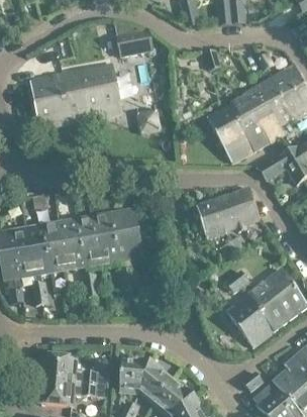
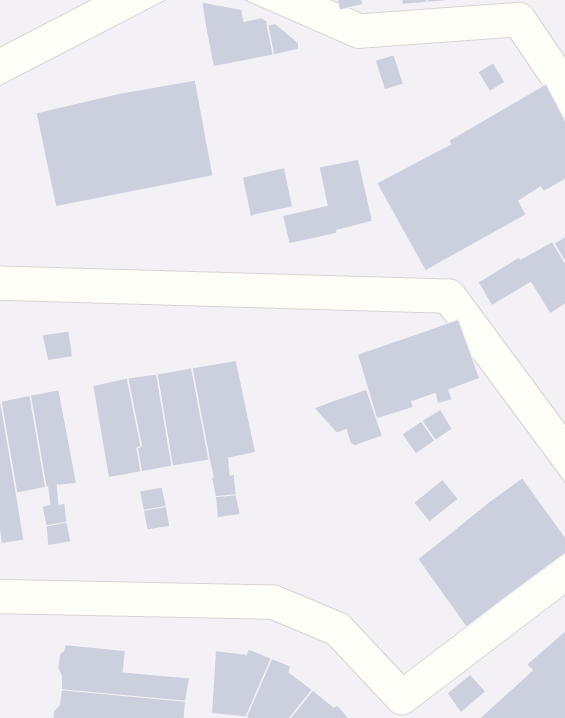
building: none -> [282,159,372,244]
building: [41,221,67,272] -> none
building: none -> [314,389,383,446]

